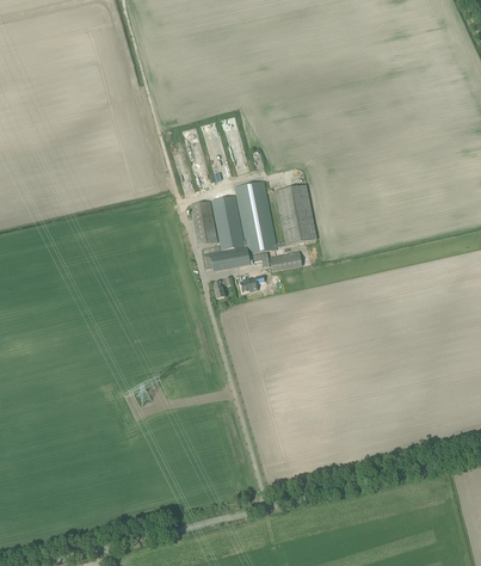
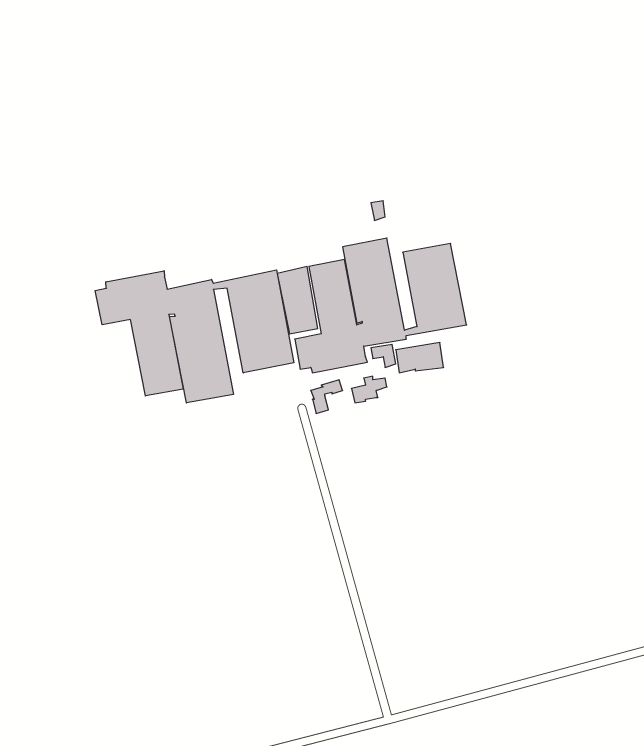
building: none -> [95,270,294,403]

